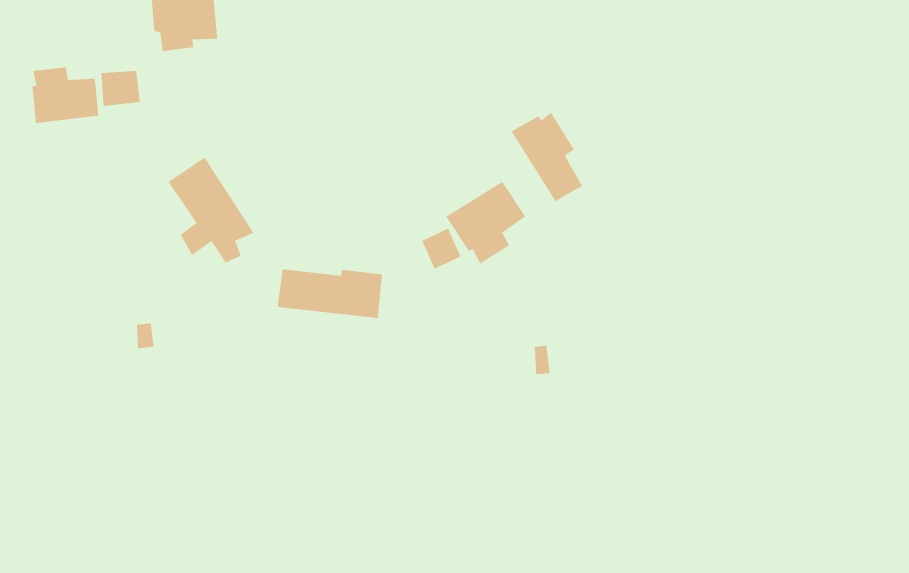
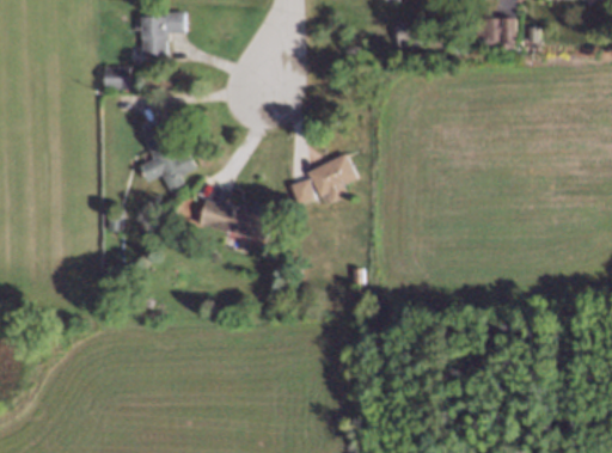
building: [31,67,99,124] -> none
building: [511,112,583,202] -> none

